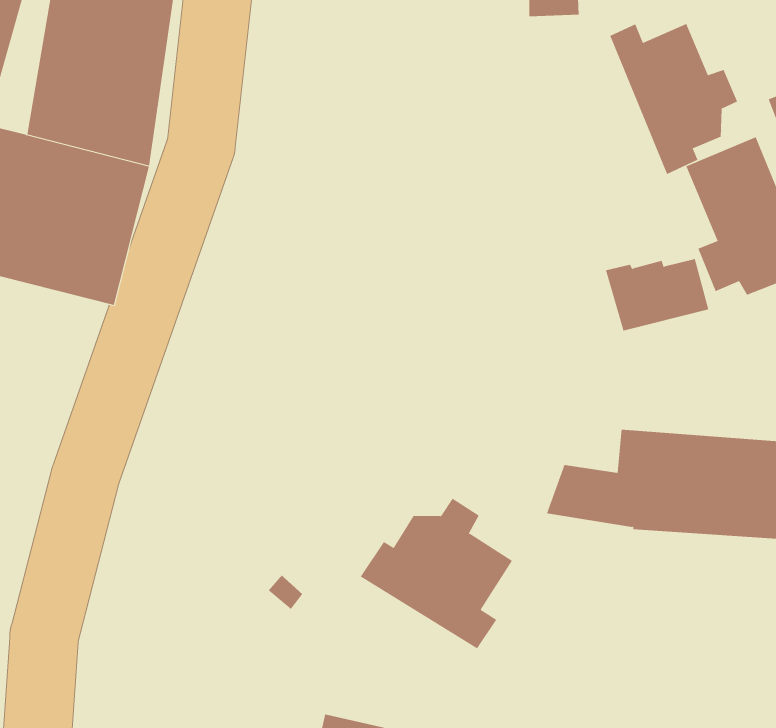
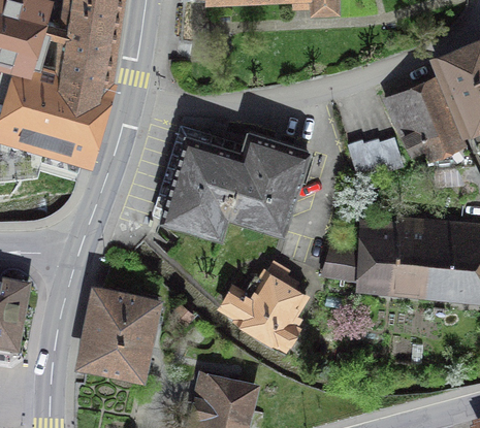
building: [610,23,738,175] -> none
building: none -> [161,133,307,235]
building: none -> [86,295,159,371]

